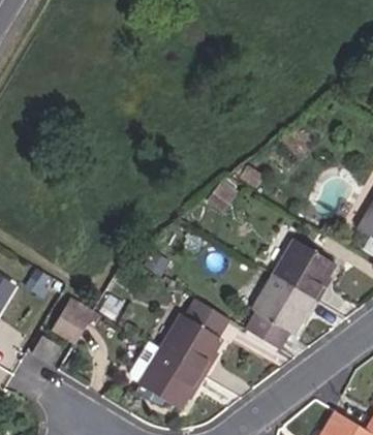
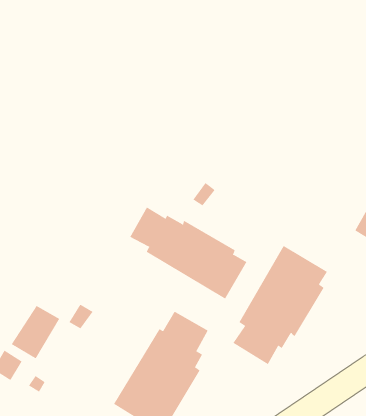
building: none -> [130,207,247,299]

